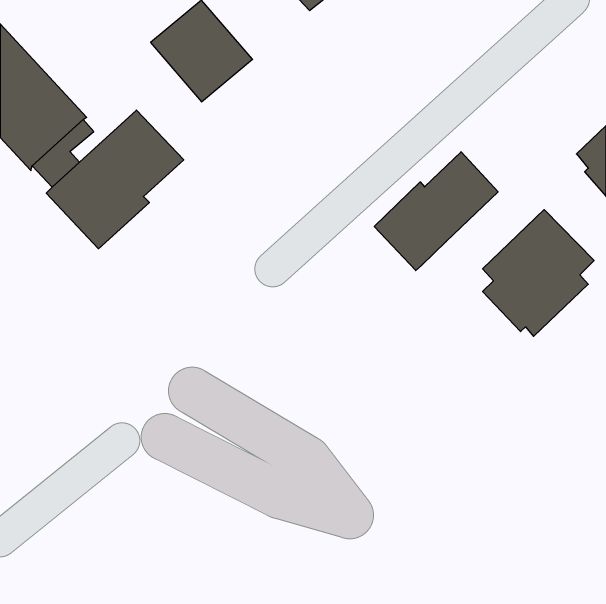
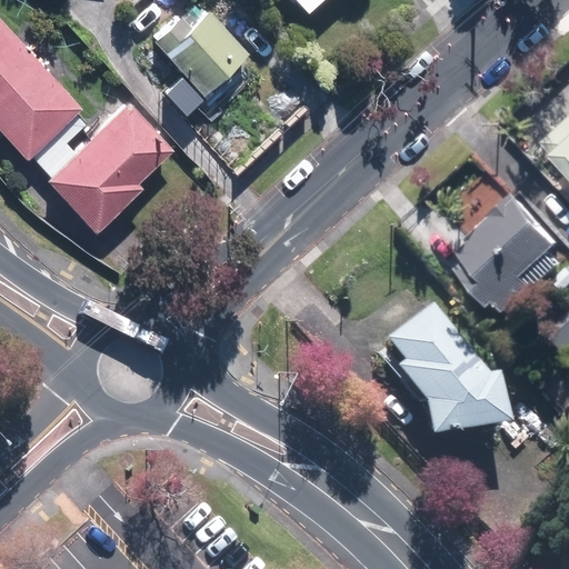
building: [374,152,498,271] -> none
building: none -> [388,297,512,432]

